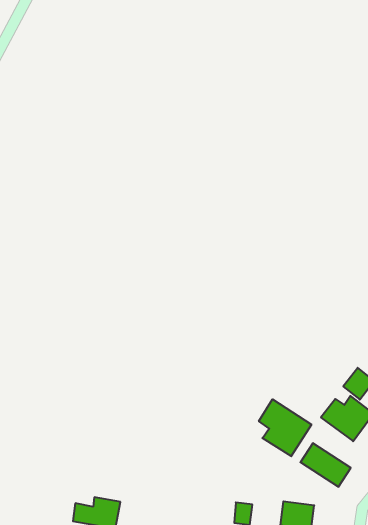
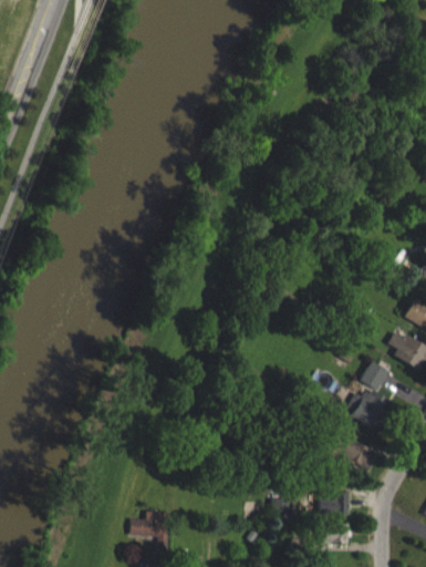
building: [259,399,311,456] -> none

